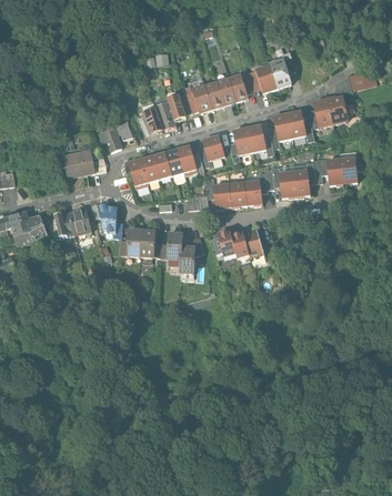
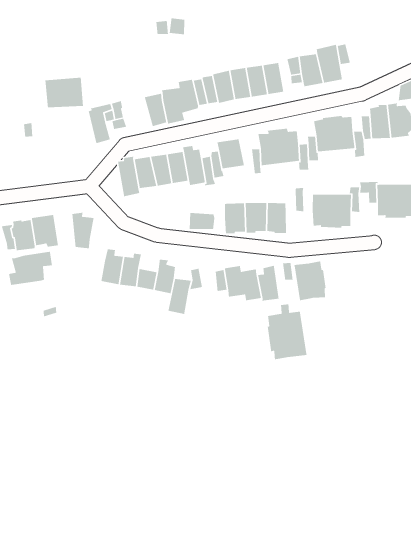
building: [62,151,94,178] -> [44,77,84,108]
building: none -> [293,261,326,301]
building: none -> [8,251,53,286]
building: none -> [267,303,308,360]

